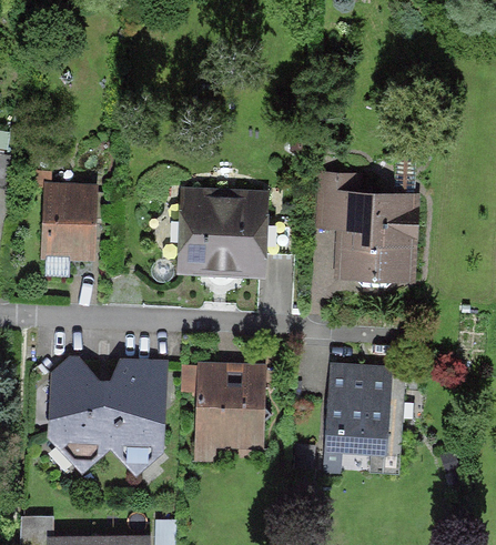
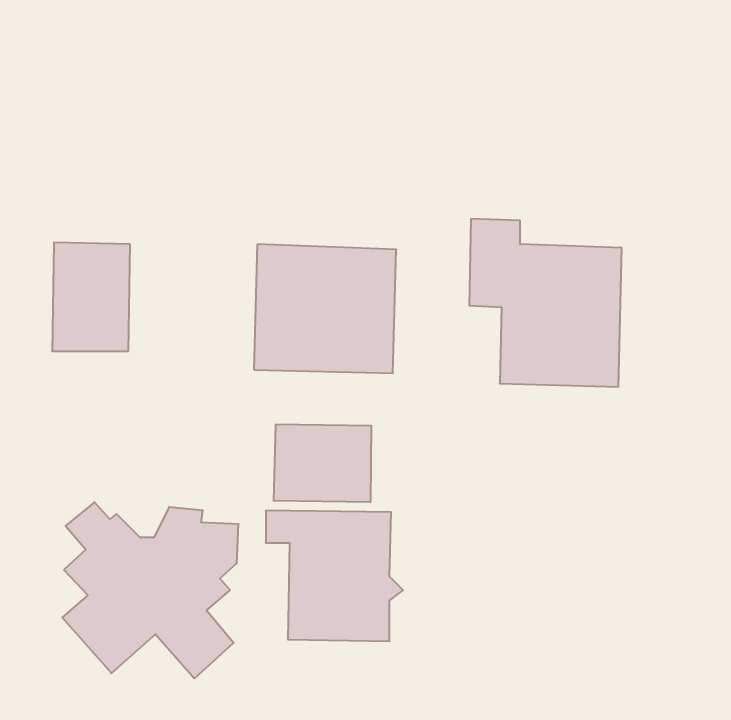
building: none -> [274,424,371,502]
building: [321,363,403,473] -> none

